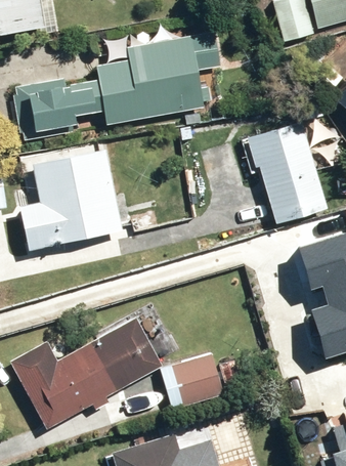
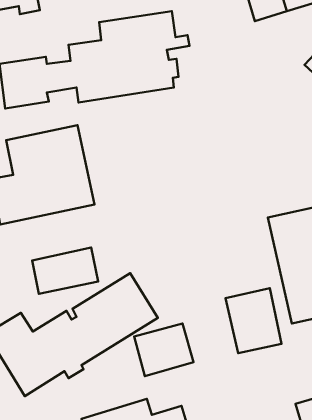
building: [244,121,328,225] -> none
building: none -> [32,248,98,294]
building: none -> [226,288,282,353]

